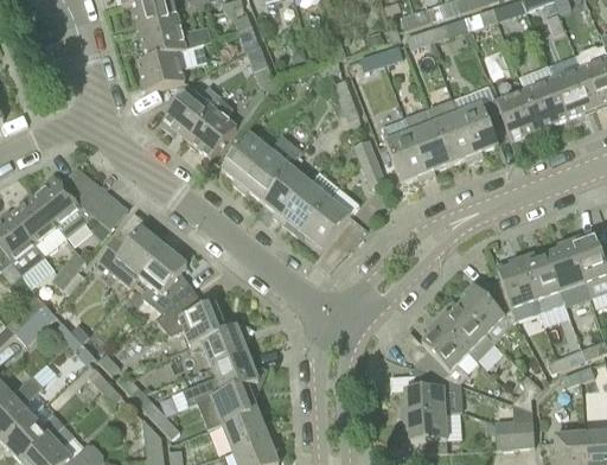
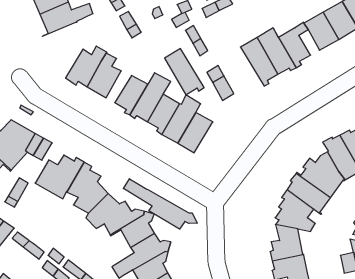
building: [138,50,187,91] -> none
building: [381,119,428,183] -> [165,49,204,95]
building: none -> [123,179,197,229]

